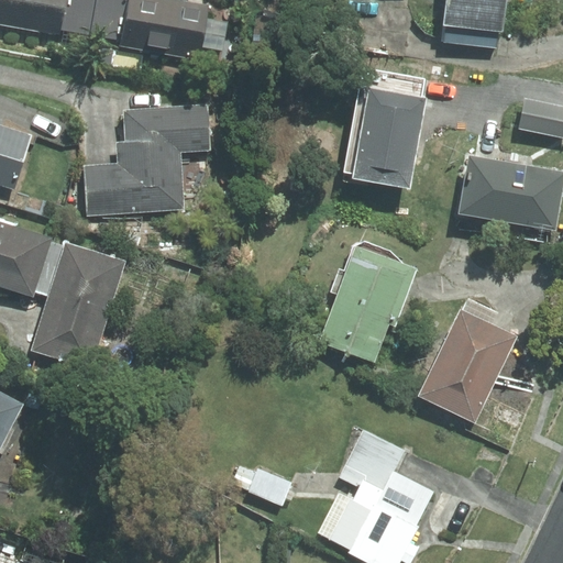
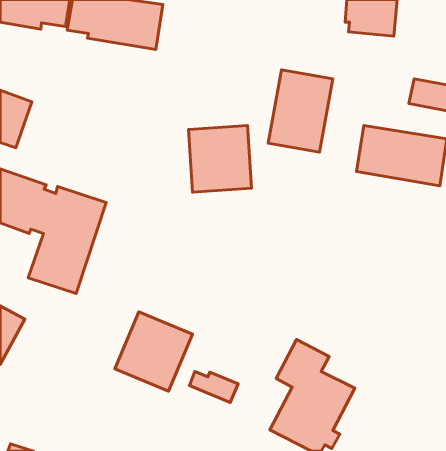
building: [95,106,208,210] -> none
building: none -> [189,126,251,192]
building: [316,249,411,363] -> none
building: [413,310,510,422] -> none
building: none -> [115,312,193,391]

